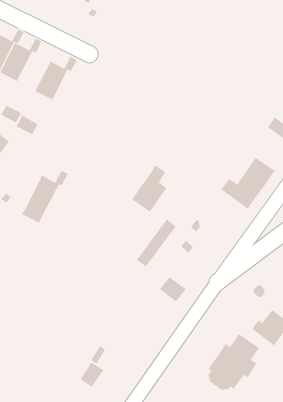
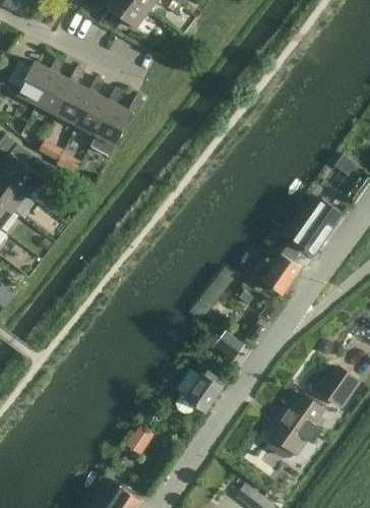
building: none -> [56,76,104,125]
building: [131,164,167,212] -> [261,242,301,295]
building: [21,170,69,223] -> [89,97,142,156]
building: none -> [175,371,222,413]

